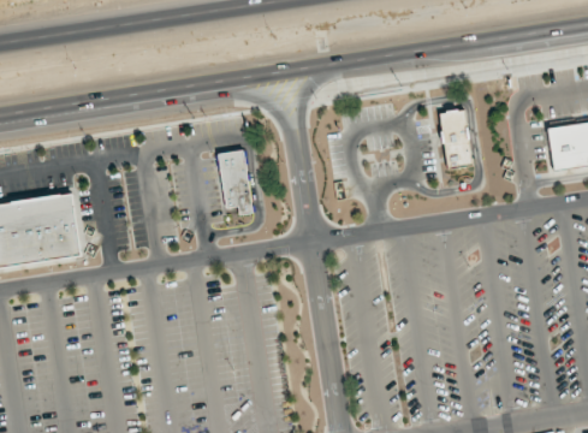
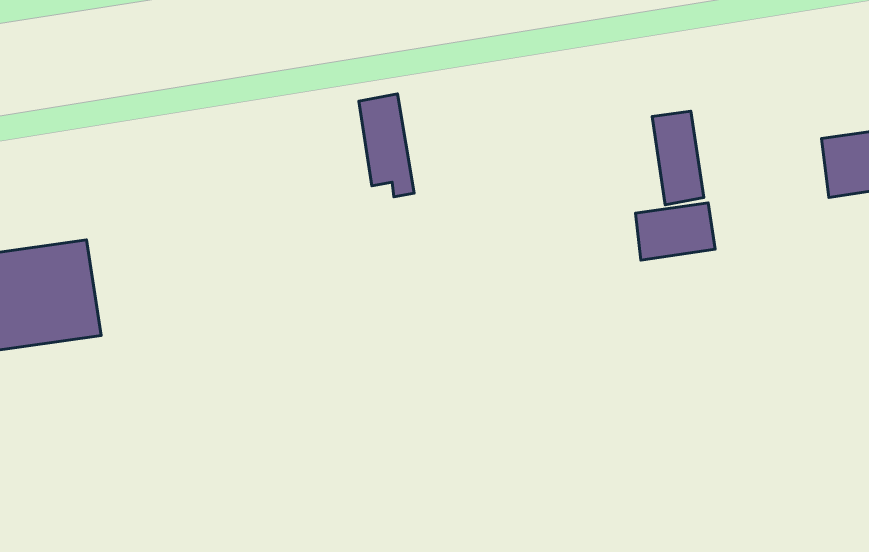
building: [216,149,253,216] -> [359,94,414,197]
building: none -> [636,203,715,260]

